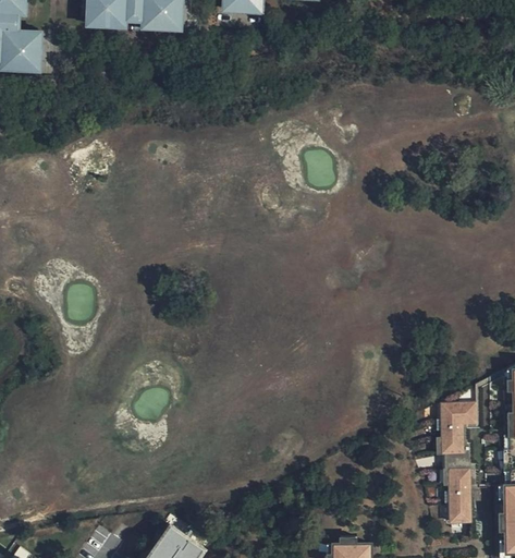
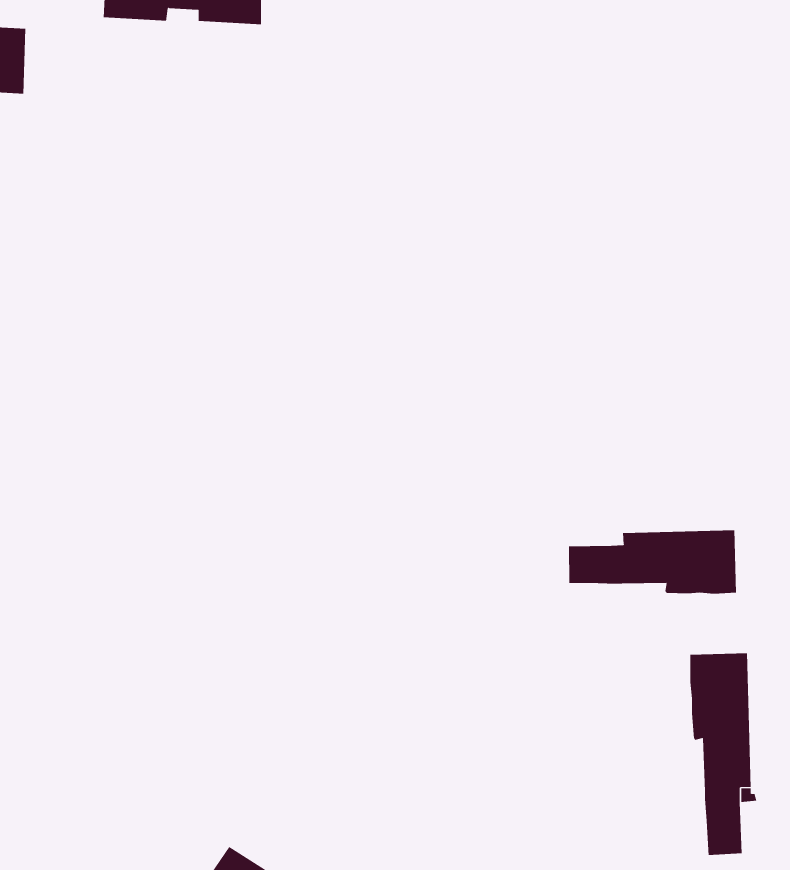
building: none -> [569,529,736,594]

